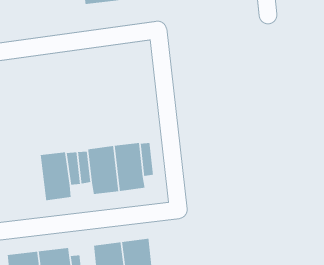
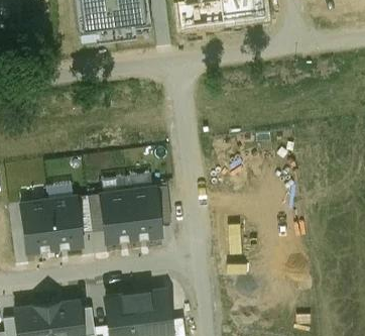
building: none -> [19,200,53,253]

